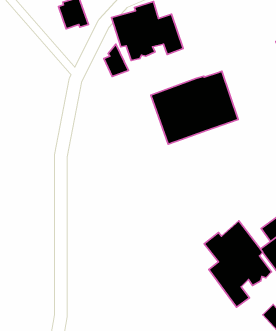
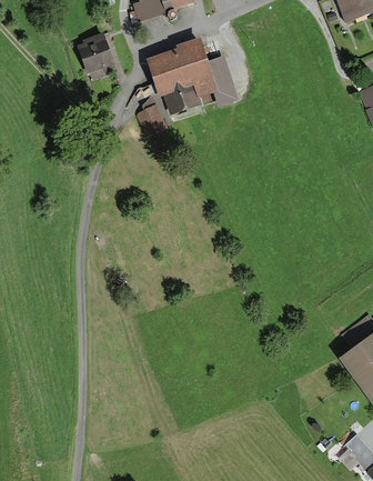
building: [151,71,238,144] -> none
building: [204,221,271,307] -> none

